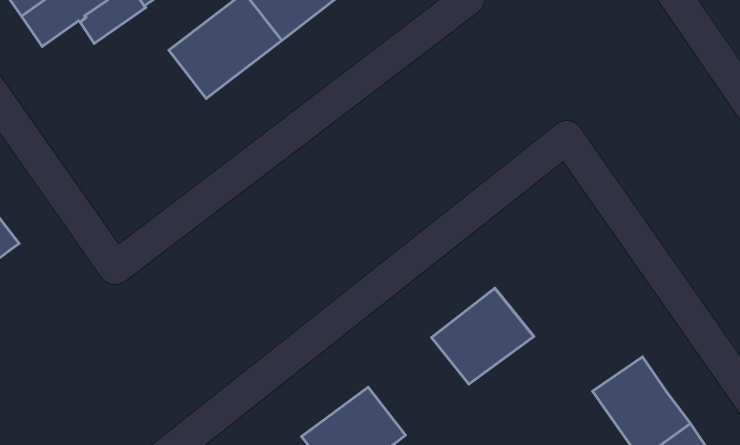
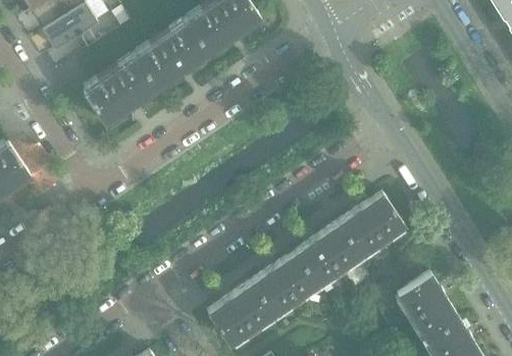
building: none -> [83,57,157,125]
building: none -> [337,193,404,256]
building: none -> [251,253,316,315]

